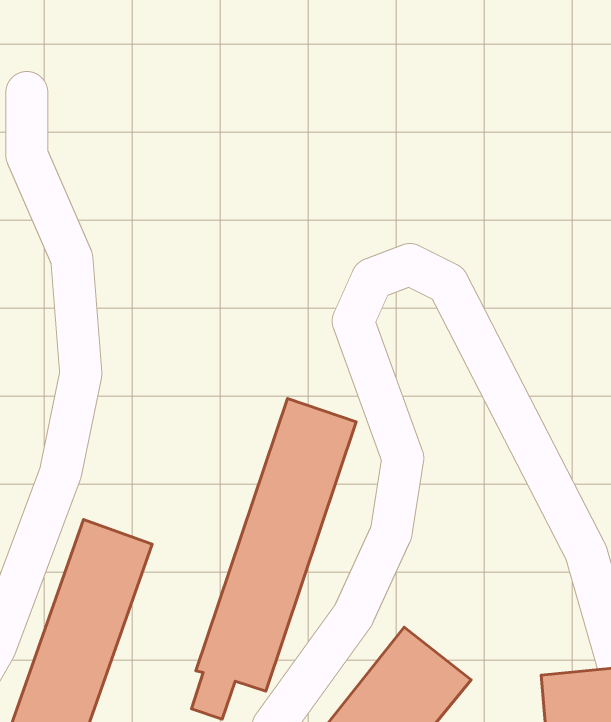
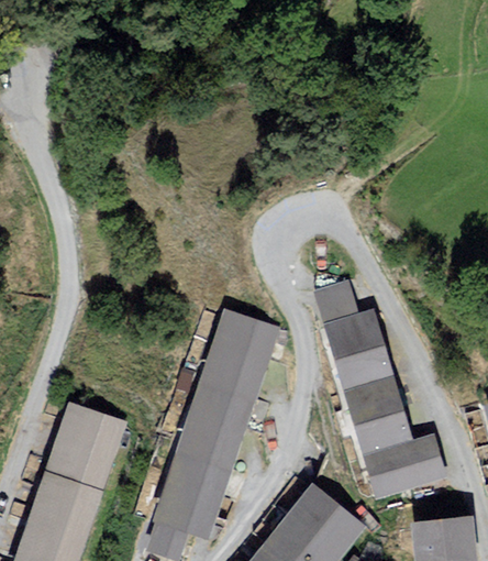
building: none -> [315,282,443,494]

